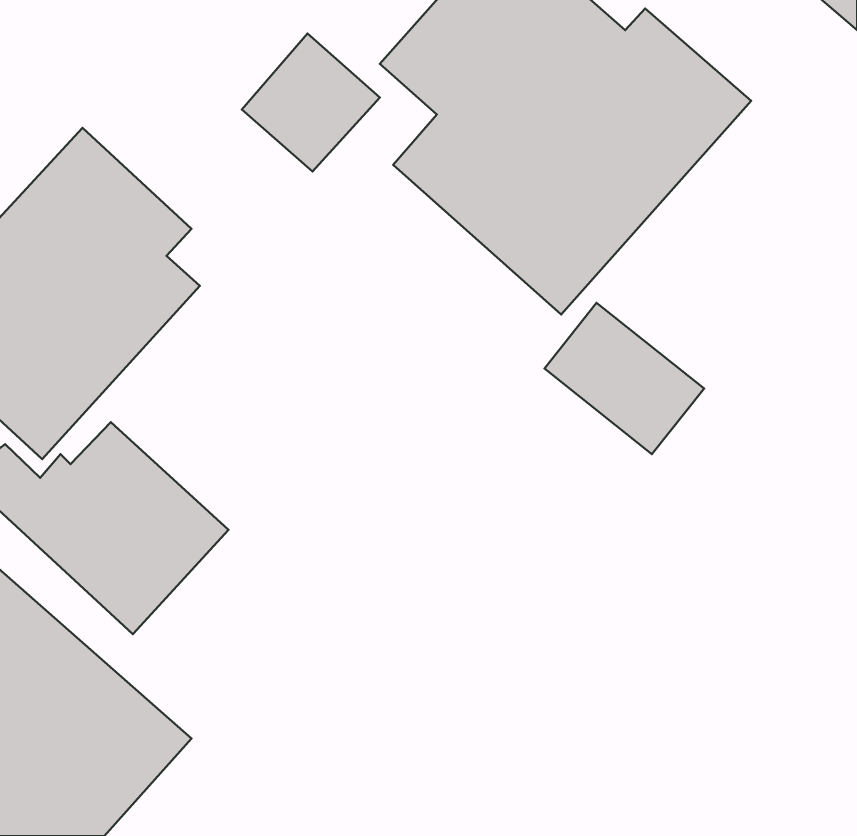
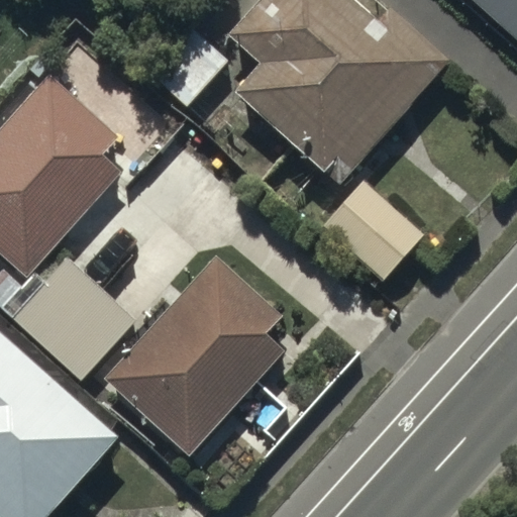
building: none -> [105,255,283,452]

